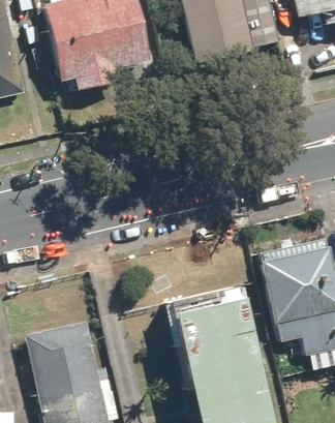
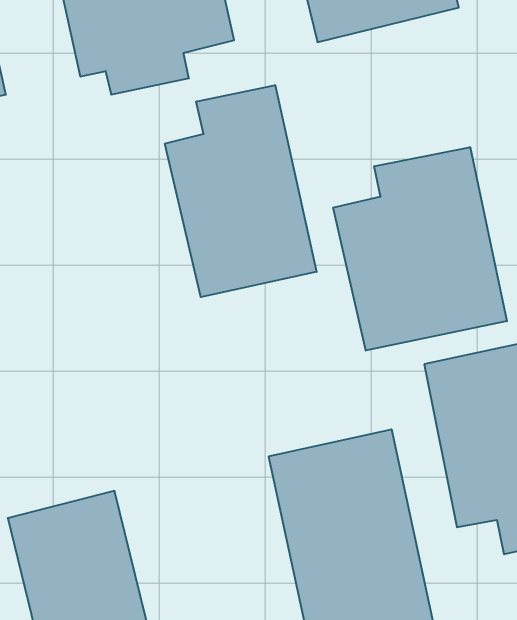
building: none -> [165,85,317,297]
building: none -> [333,147,507,351]

